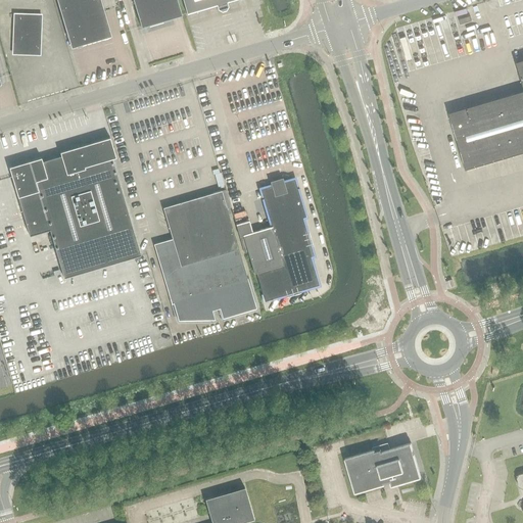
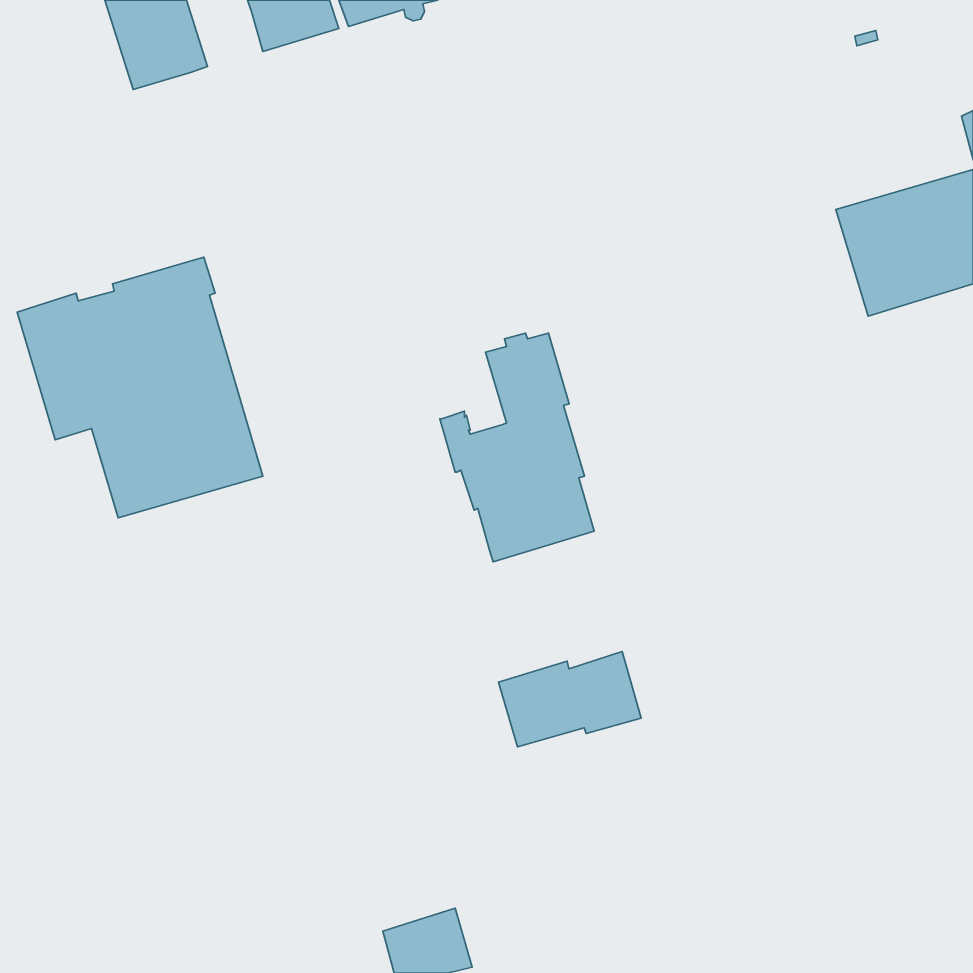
building: [13,14,41,55] -> none
building: [156,191,256,321] -> none
building: [344,442,421,493] -> [498,652,641,747]

